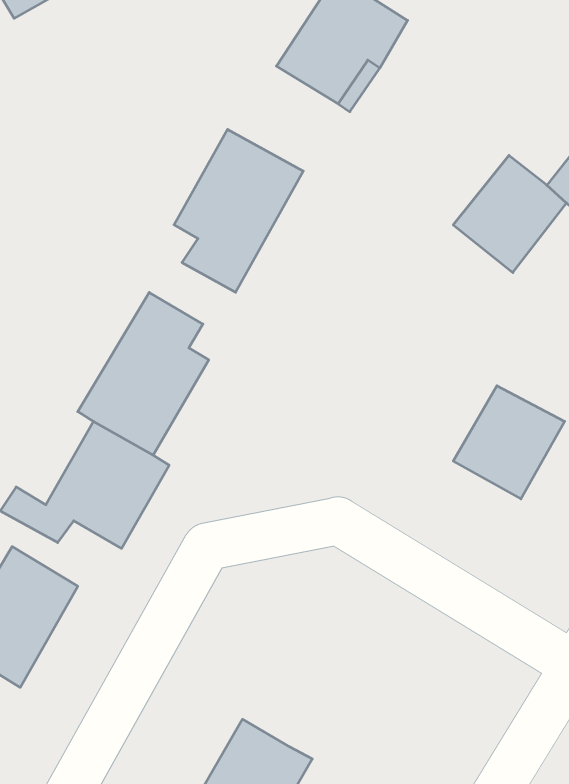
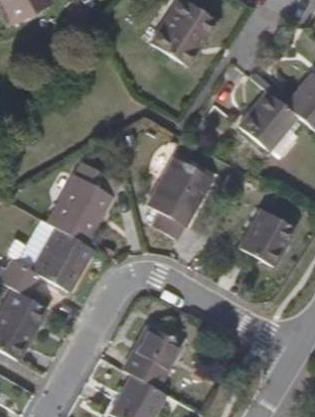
building: [174,129,303,292] -> [146,155,211,238]
building: none -> [122,327,181,392]

